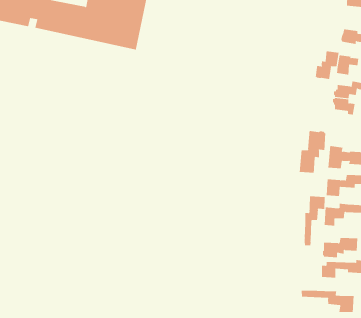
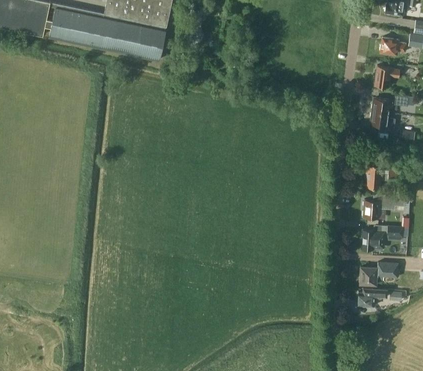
building: [315,50,339,80] -> none
building: [299,130,326,174] -> none
building: [304,196,325,246] -> none
building: [301,290,354,313] -> none

